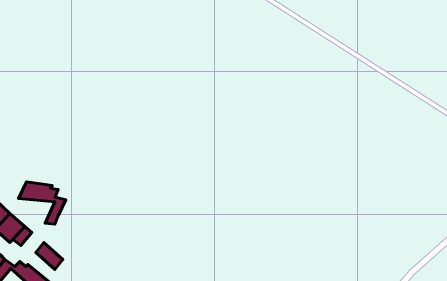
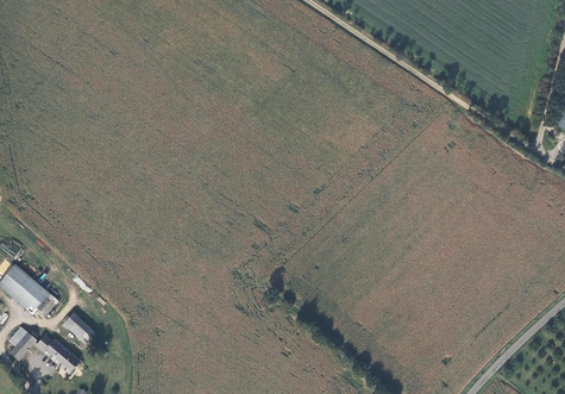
building: [18,182,66,224] -> none

